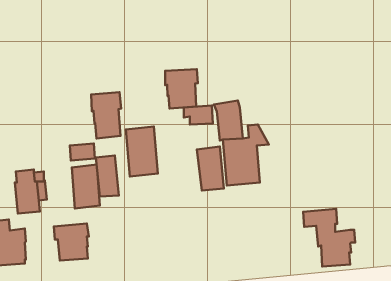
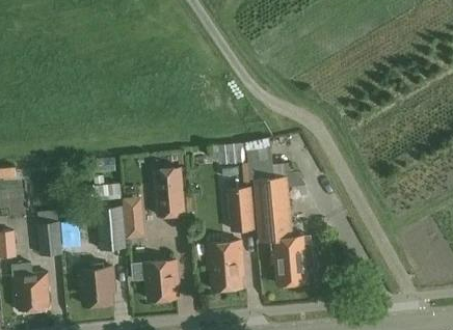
building: [165,69,198,109] -> none
building: [91,92,121,138] -> none
building: none -> [205,241,242,291]
building: [303,209,355,267] -> [257,224,311,284]
building: none -> [130,262,178,300]

